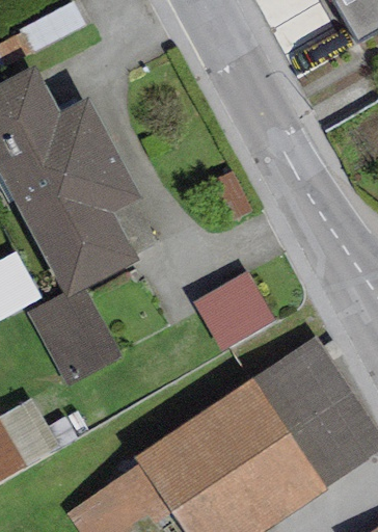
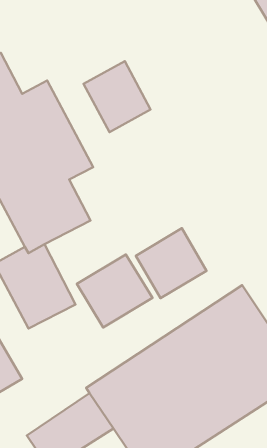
building: none -> [84,61,151,132]
building: none -> [77,255,152,327]

